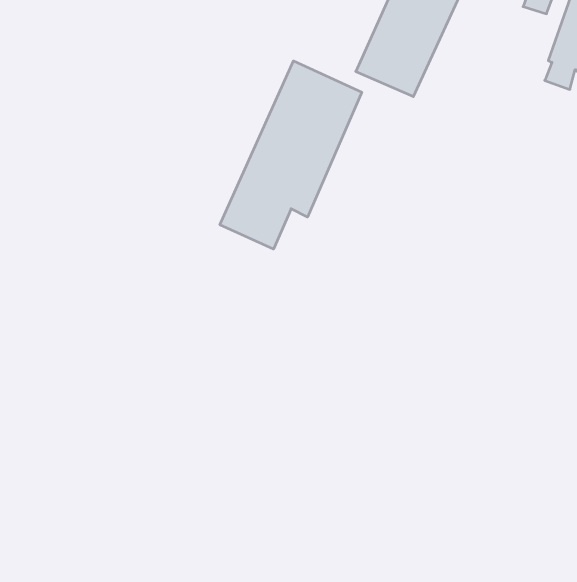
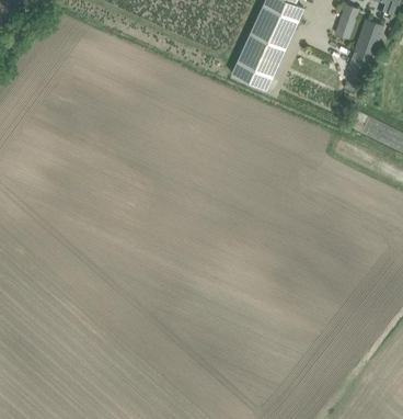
building: [220,61,362,249] -> none

